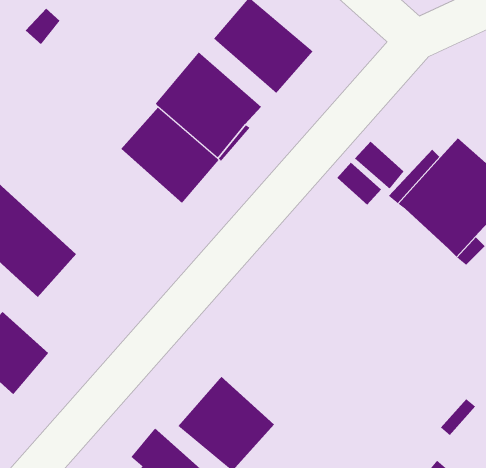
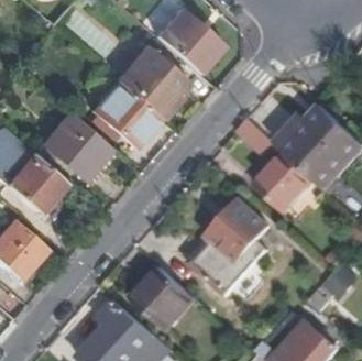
building: none -> [39,111,110,180]
building: none -> [255,151,314,210]
building: none -> [188,201,267,294]

